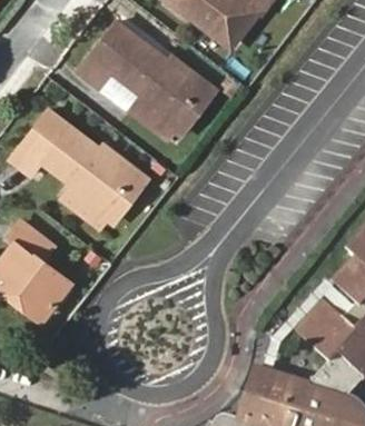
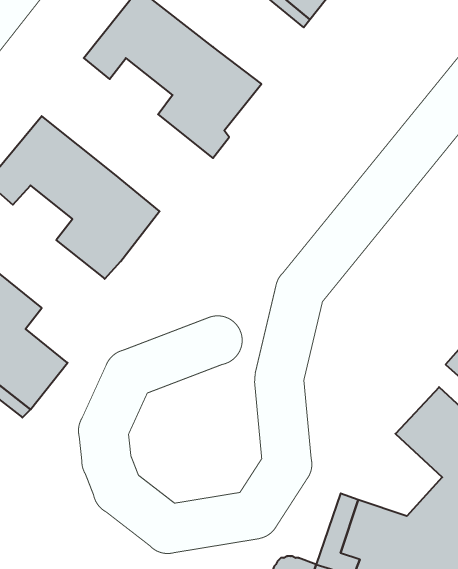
building: [169,56,217,129] -> none
building: [101,145,147,218] -> none

